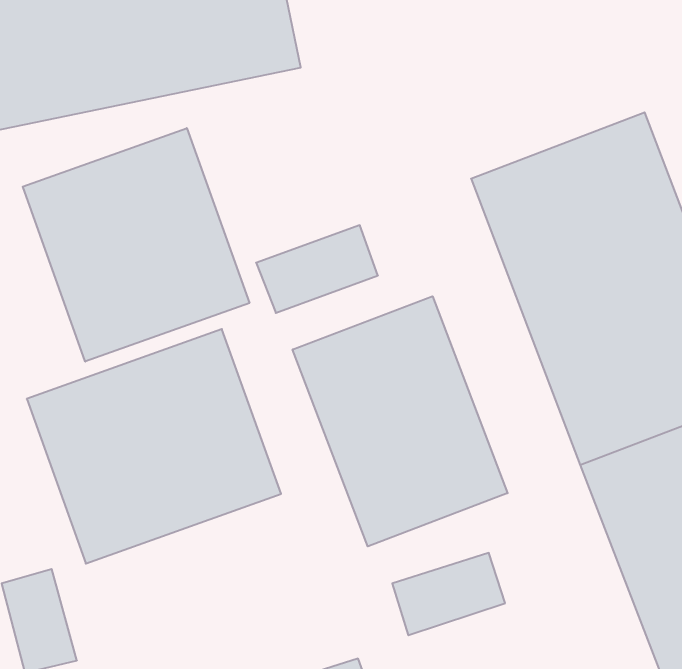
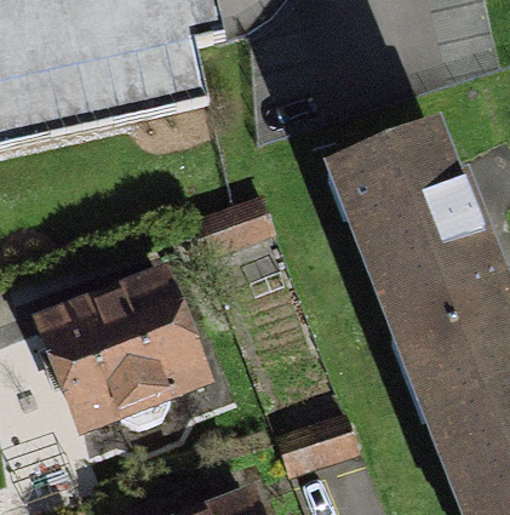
building: [23,128,249,362] -> none
building: [293,296,508,546] -> none

